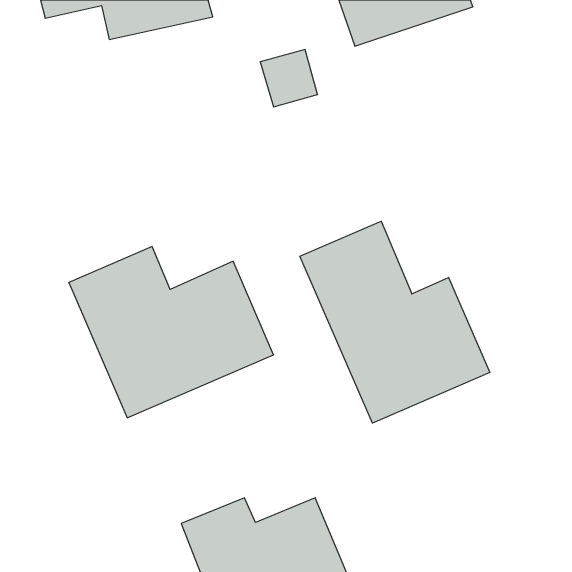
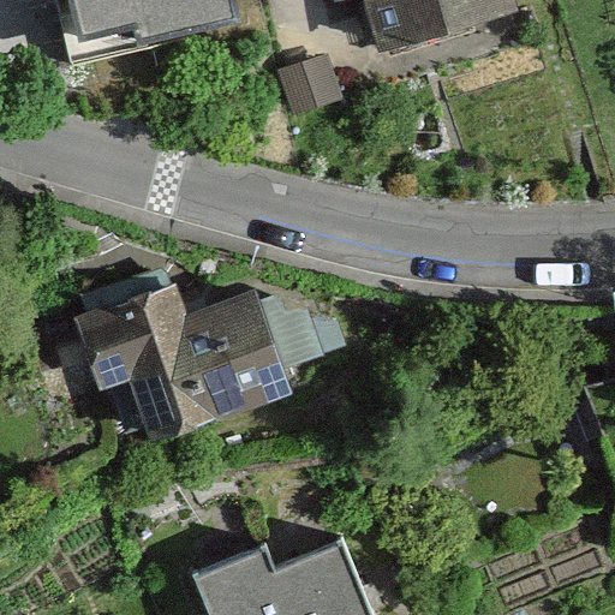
building: [300,221,490,423] -> none

